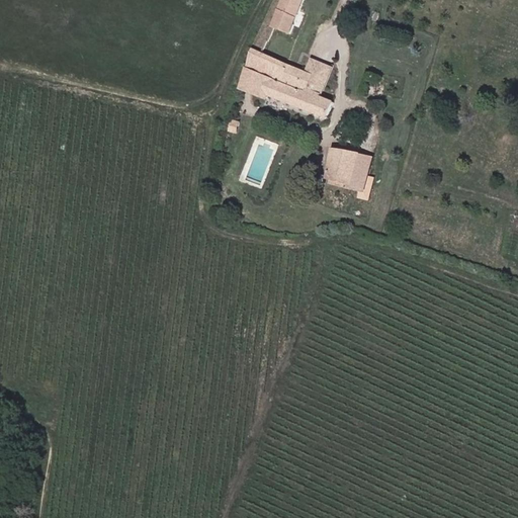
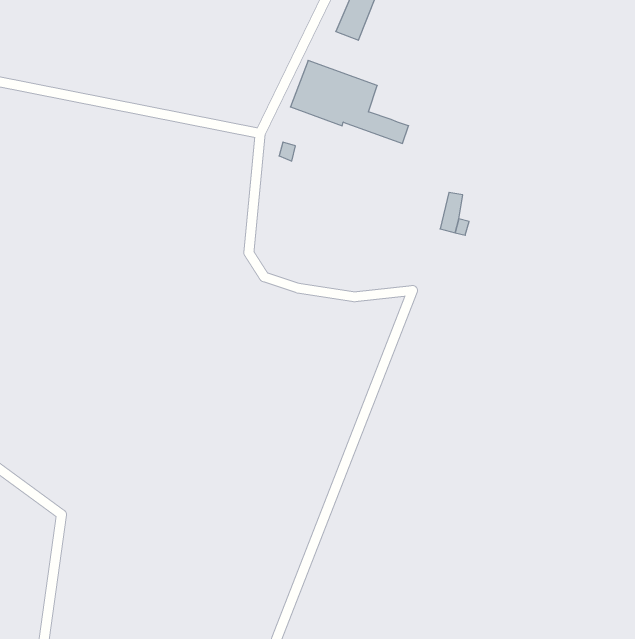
building: [296,59,330,98] -> none
building: [329,149,361,184] -> none

